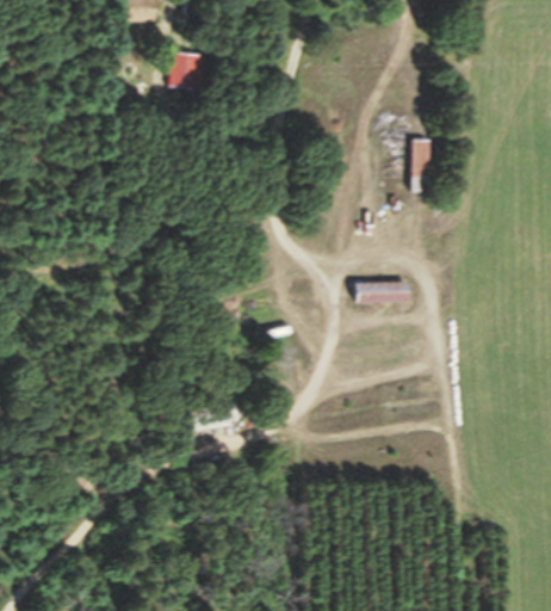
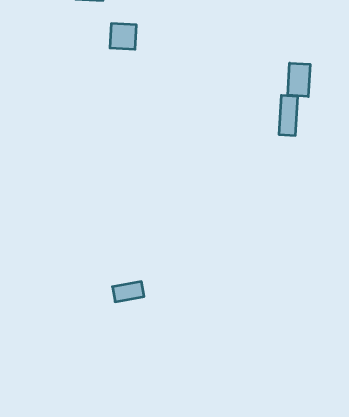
building: none -> [288,63,310,97]
building: [351,282,408,302] -> none

